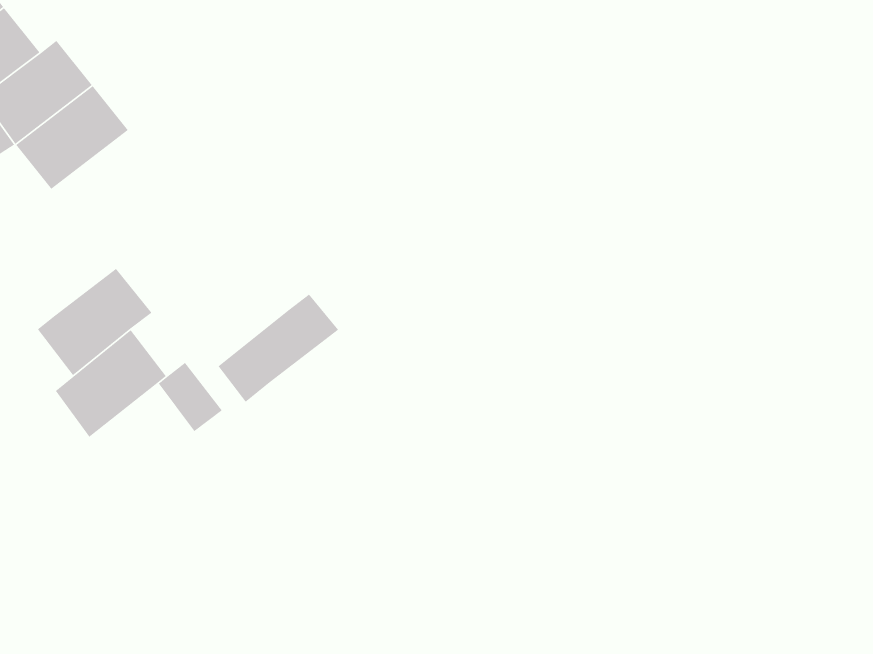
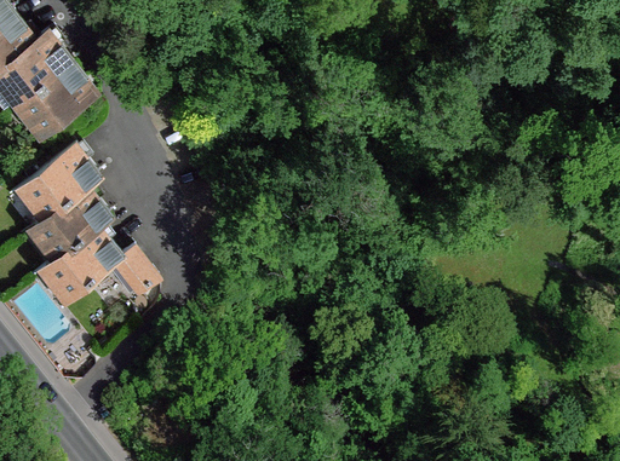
building: none -> [18,149,96,220]
building: [217,293,339,403] -> none

